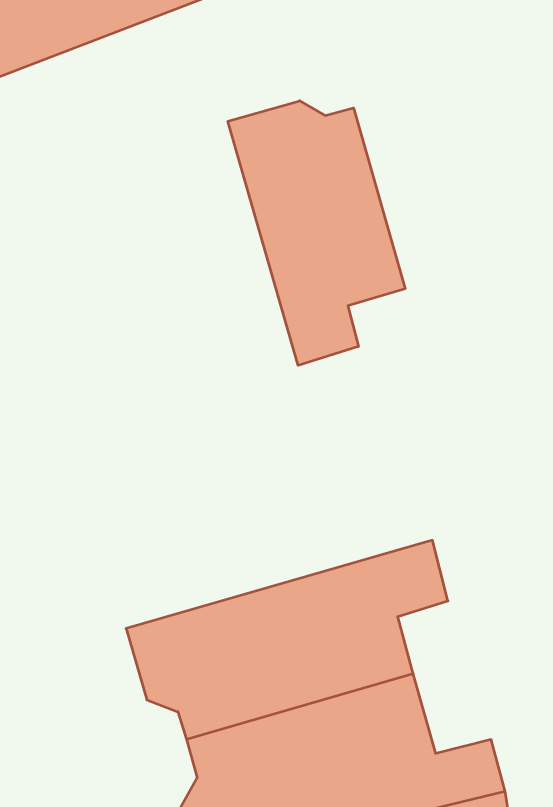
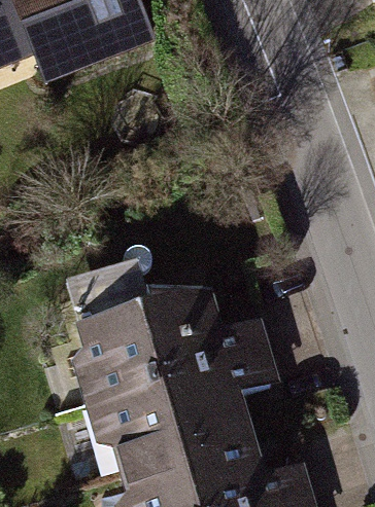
building: [228,101,405,365] -> none
building: none -> [73,290,266,397]

